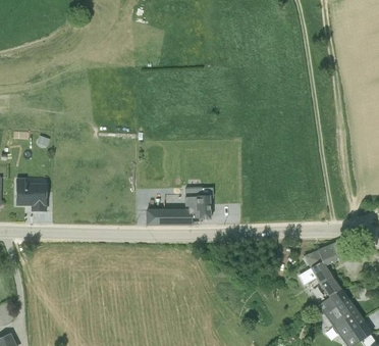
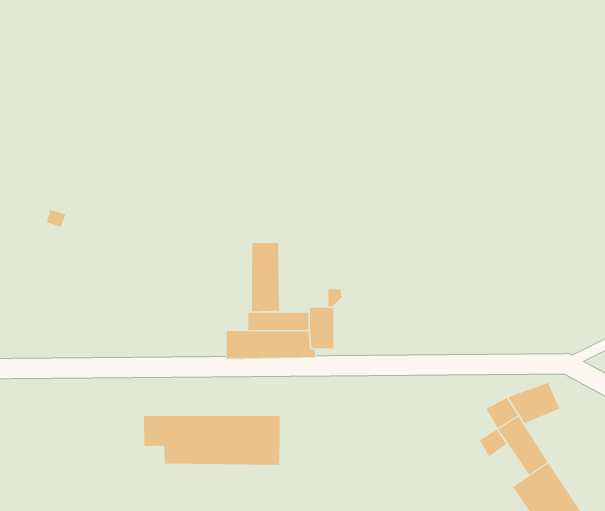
building: none -> [251,242,279,312]
building: [14,177,45,210] -> none
building: none -> [143,415,280,466]

